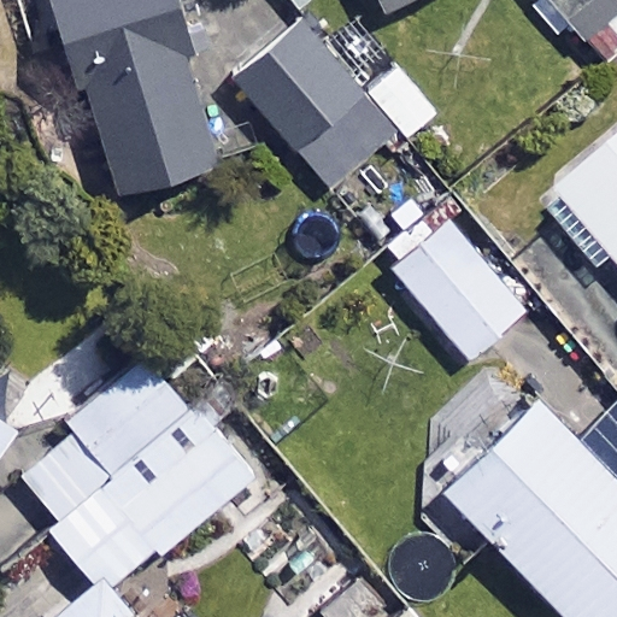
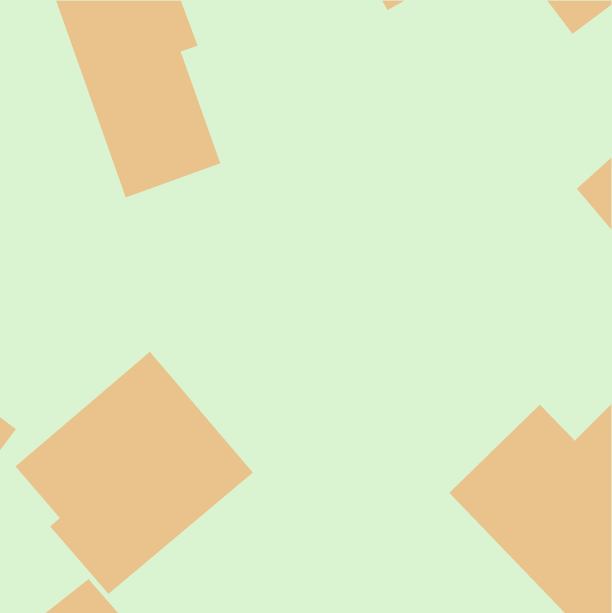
building: [231,19,393,189] -> none
building: [381,204,528,358] -> none

